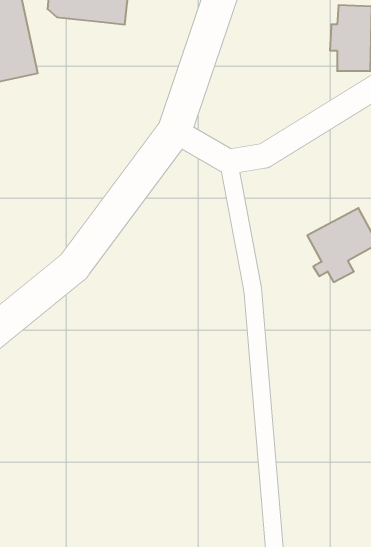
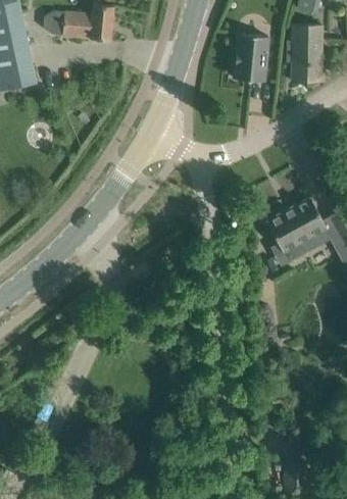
building: none -> [233,34,267,82]

